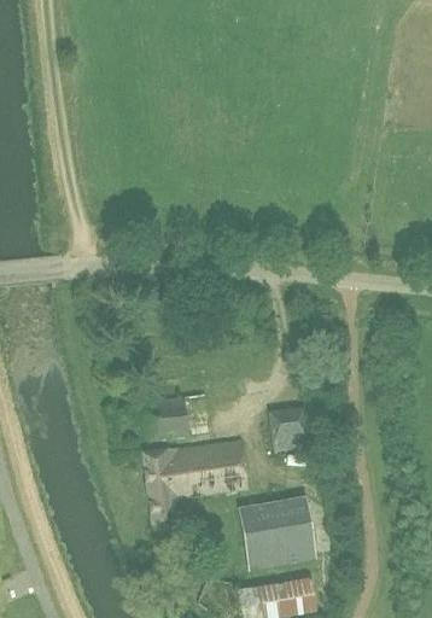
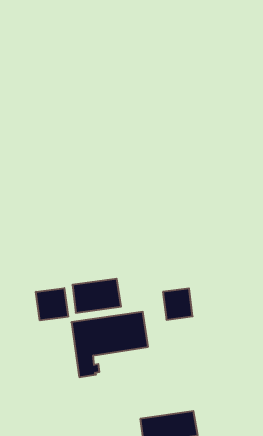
building: none -> [36,288,68,320]
building: [238,496,315,569] -> none

